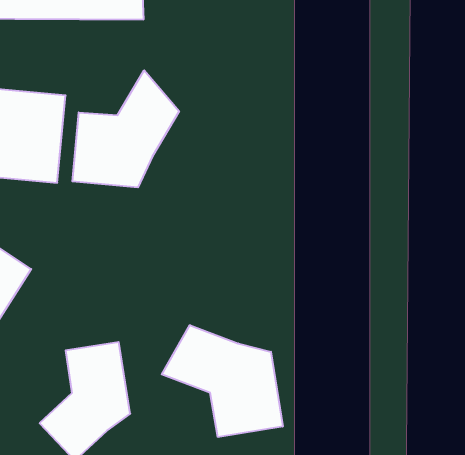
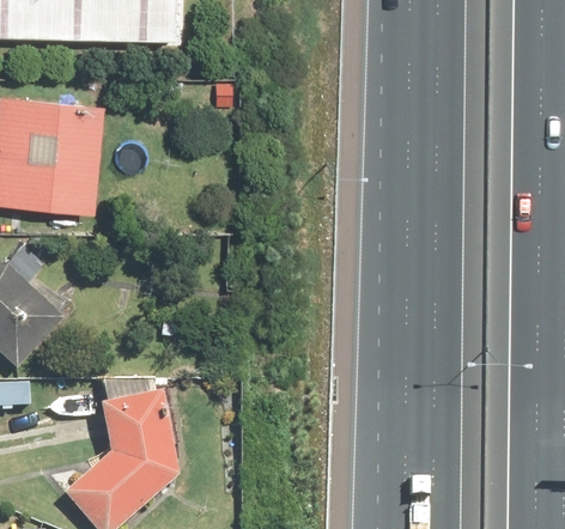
building: [72,70,179,187] -> none
building: [162,325,283,437] -> none

